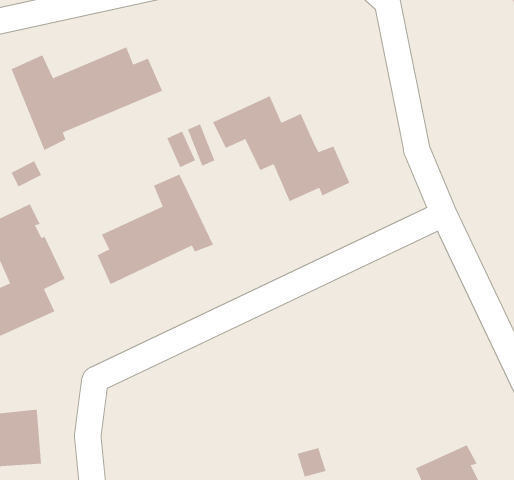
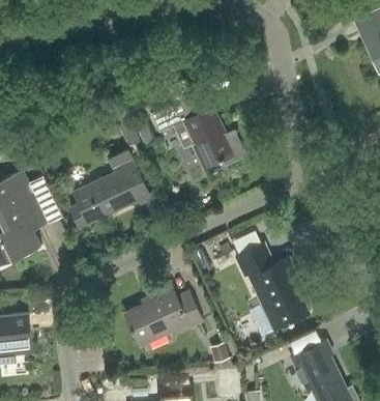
building: [11,46,163,151] -> none
building: none -> [235,245,308,330]
building: none -> [125,287,202,346]

